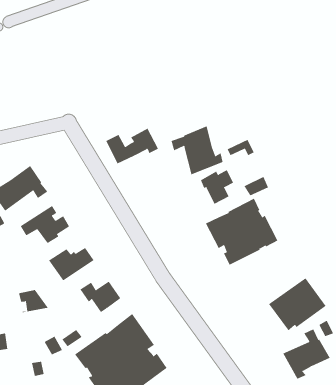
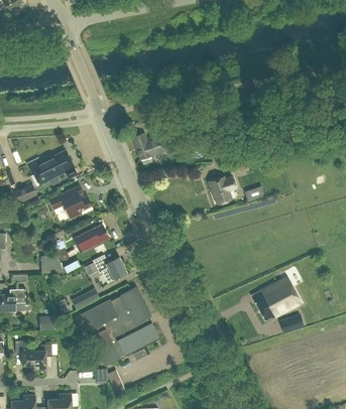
building: [171,126,223,175] -> none
building: [205,198,278,265] -> none
building: [282,329,331,379] -> none

